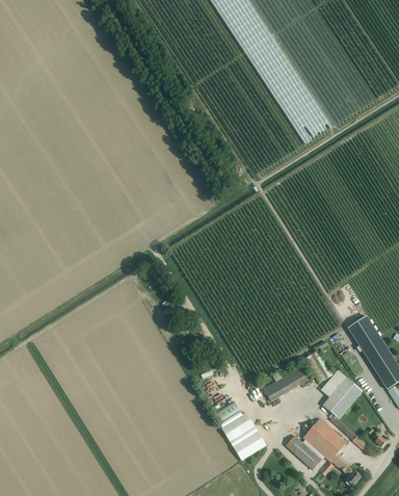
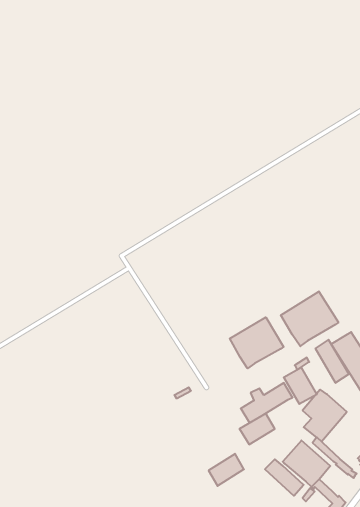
building: none -> [281,291,338,346]
building: none -> [230,317,284,368]
building: none -> [316,340,349,383]
building: [221,413,255,442] -> [239,413,275,444]

